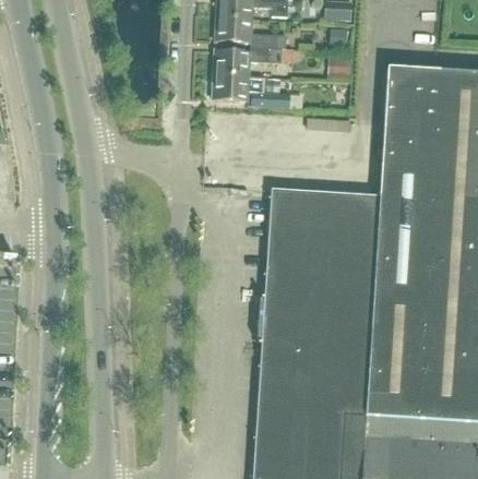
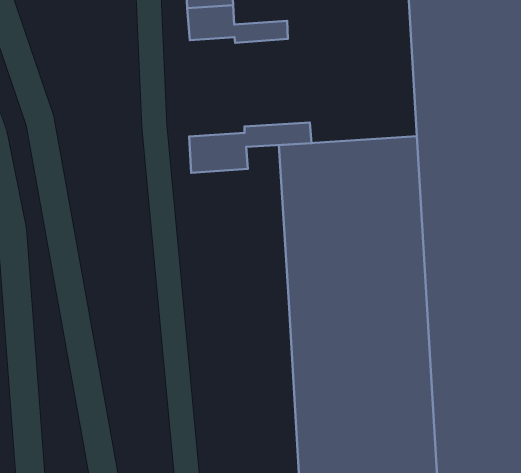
building: none -> [189,123,312,173]

